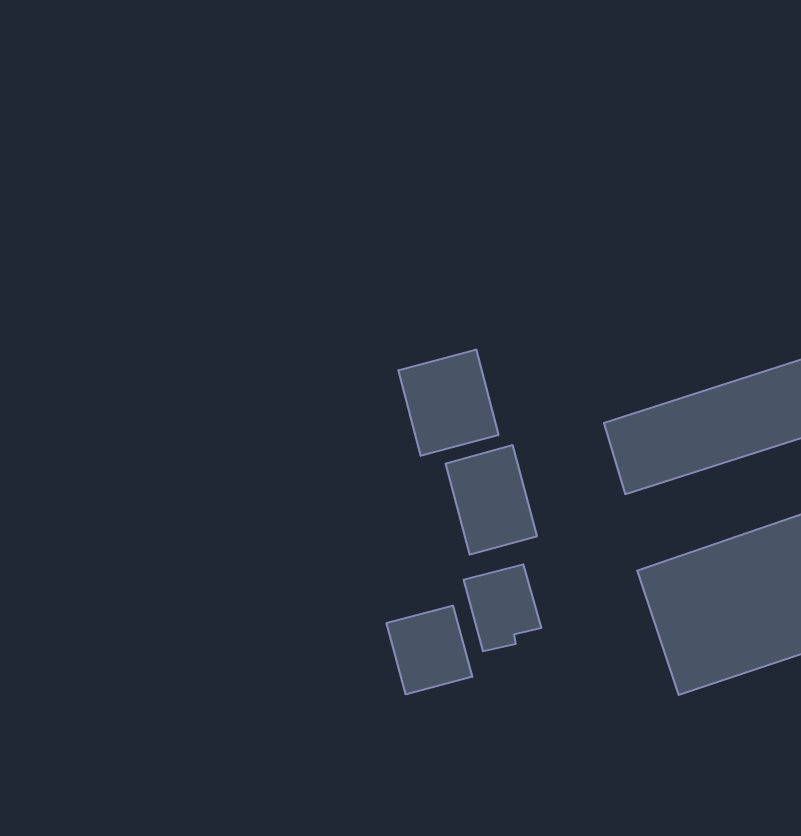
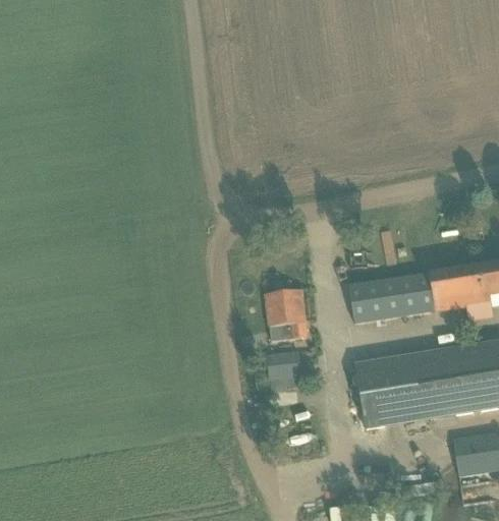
building: [398,349,498,456] -> none
building: [387,606,472,694] -> none

